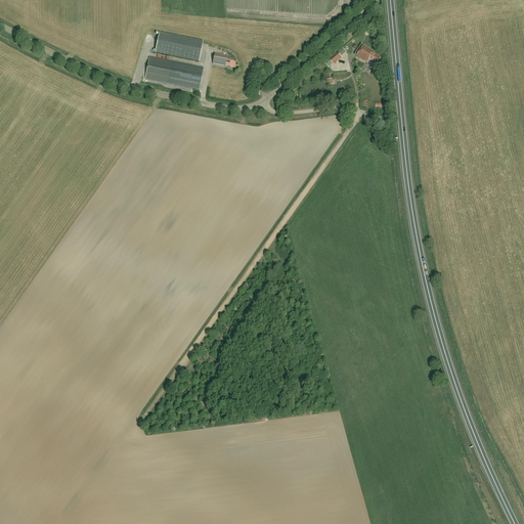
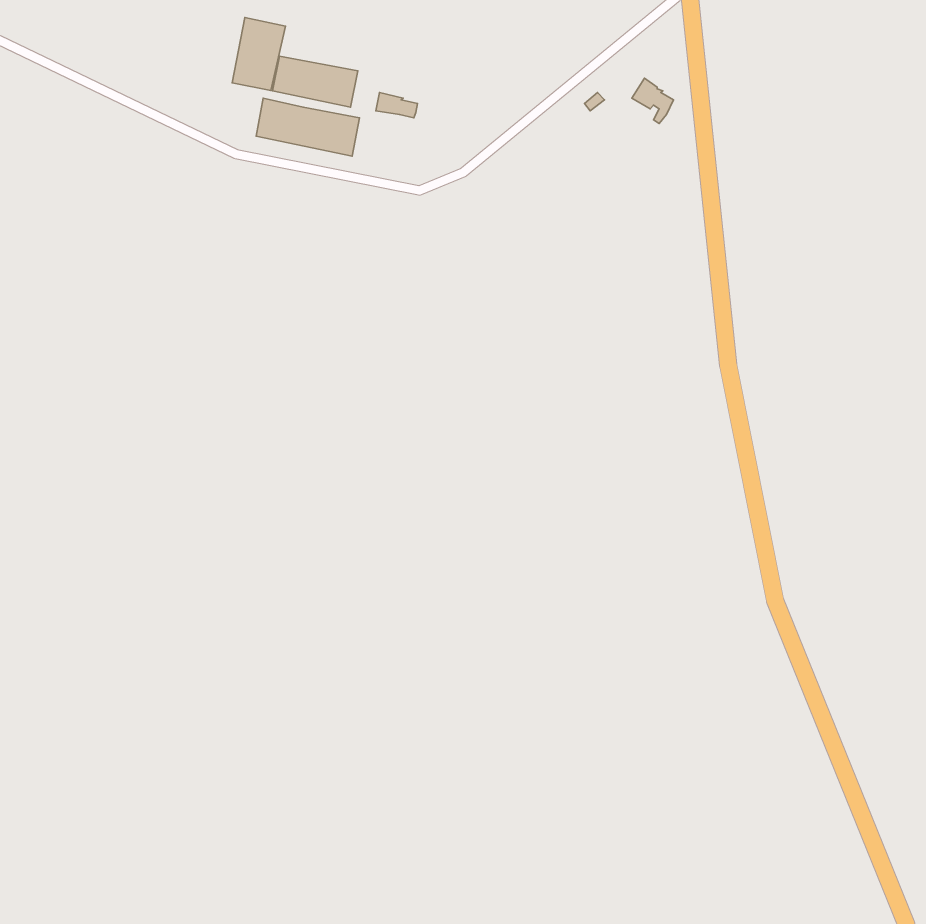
building: none -> [232,18,286,91]

